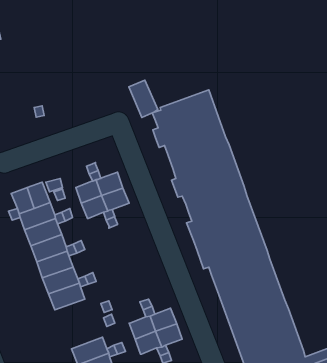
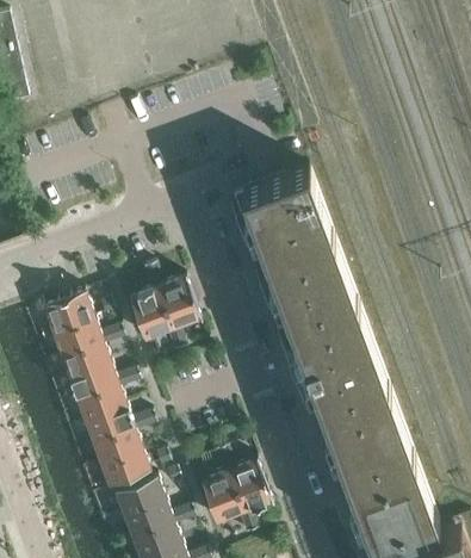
building: [129,80,158,117] -> none
building: none -> [99,448,148,485]
building: none -> [113,477,163,515]

